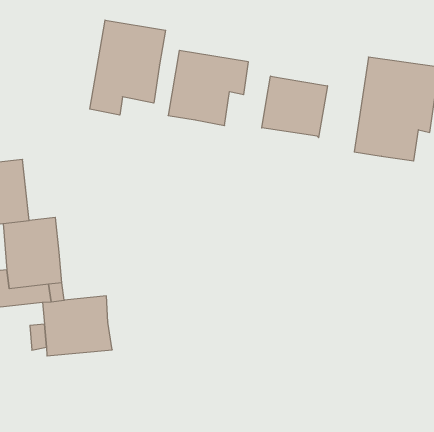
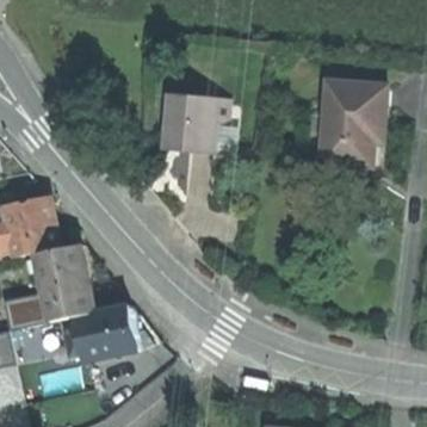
building: [90,20,166,115] -> none
building: [262,76,327,138] -> none

